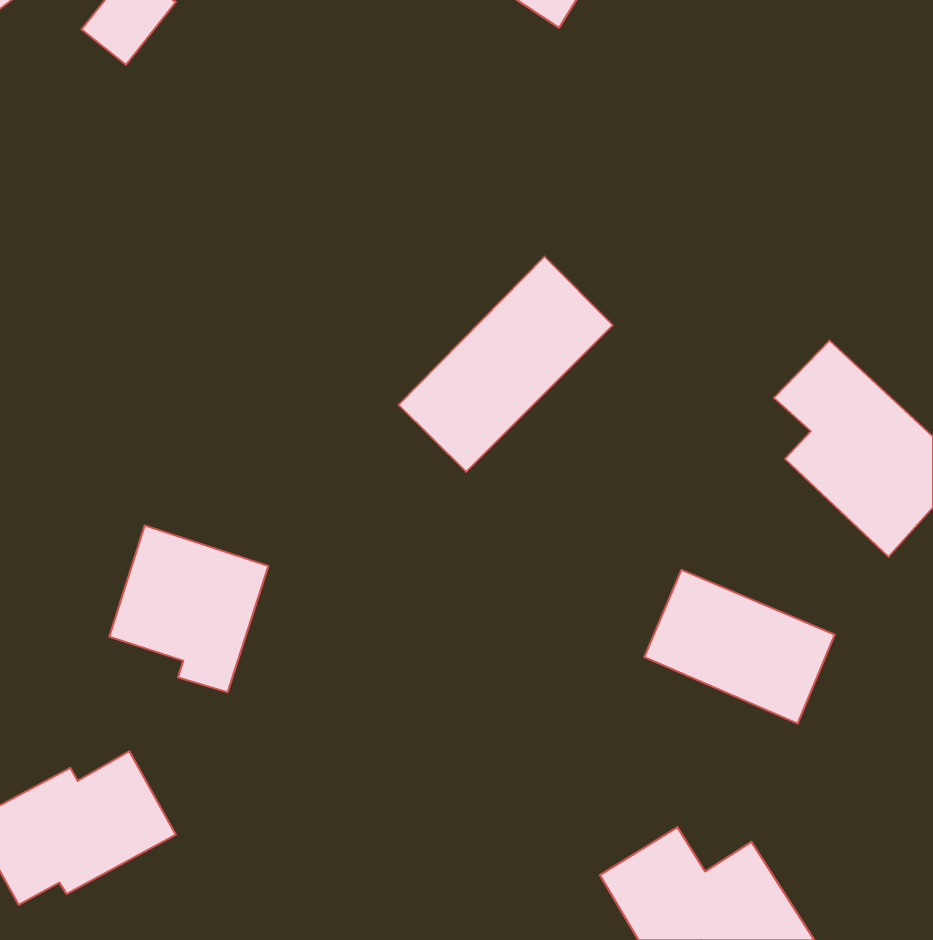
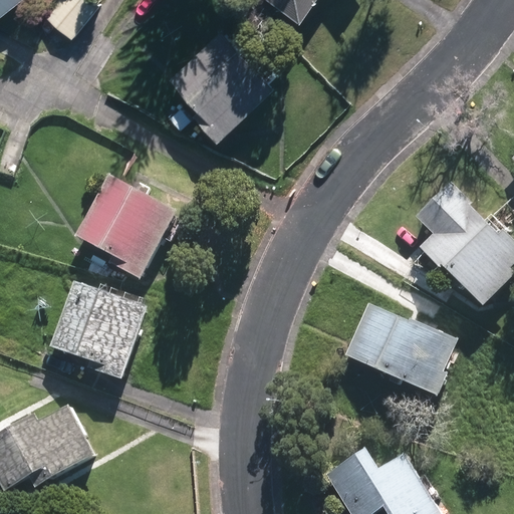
building: none -> [162,30,274,142]
building: [398,256,613,472] -> none
building: none -> [81,183,168,274]

